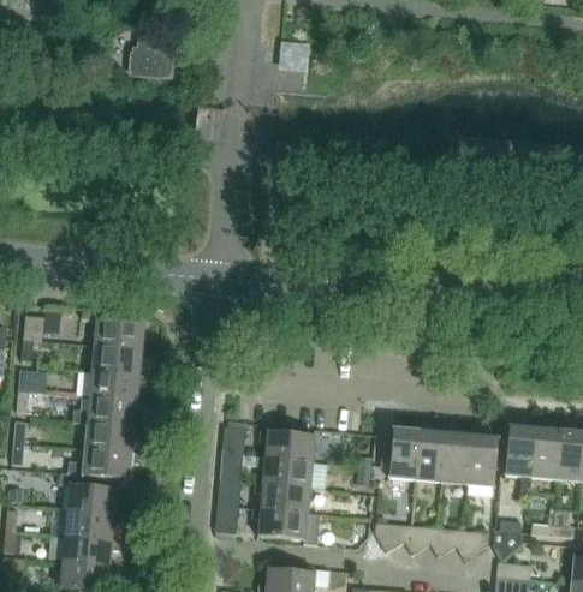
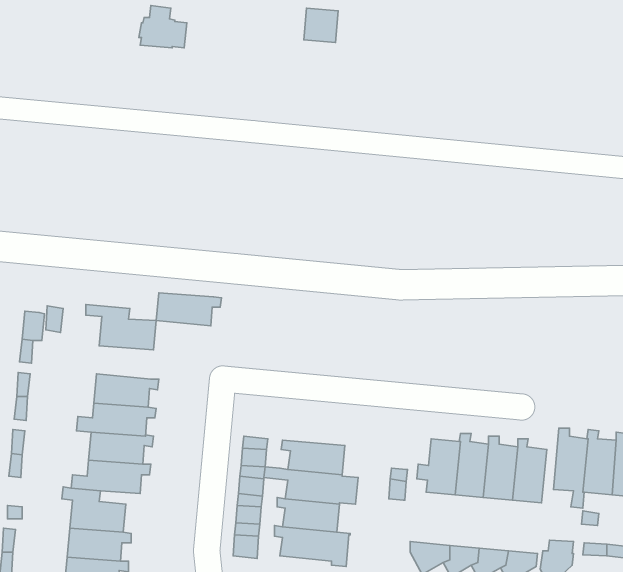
building: [90,346,149,376] -> [156,293,221,326]

